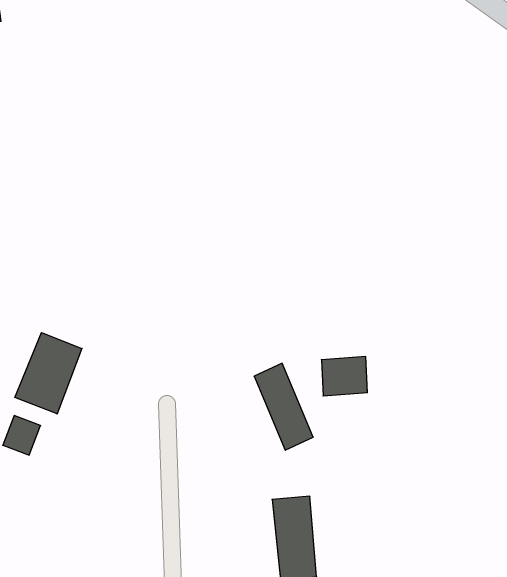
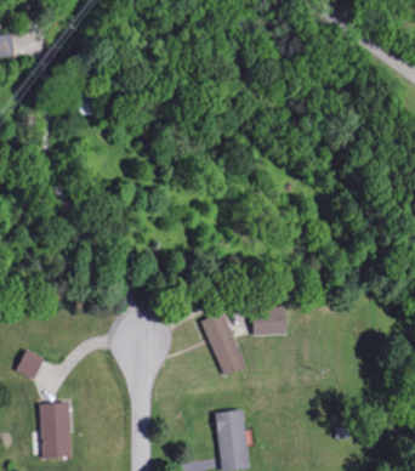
building: [15,333,82,414] -> none
building: none -> [40,402,69,458]

